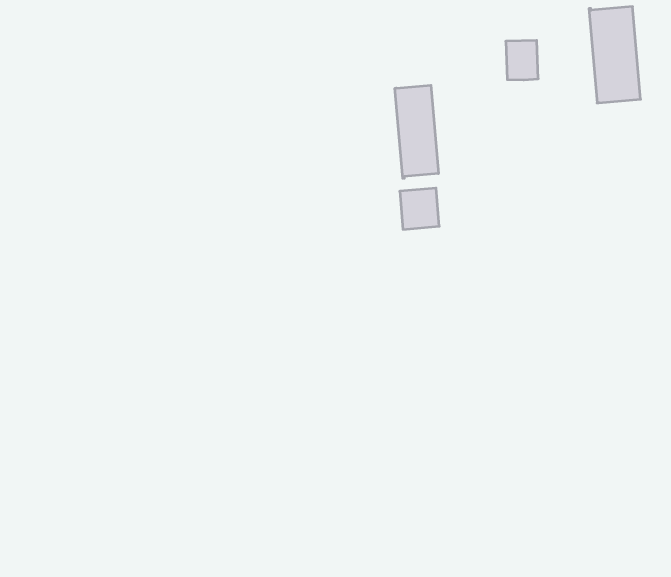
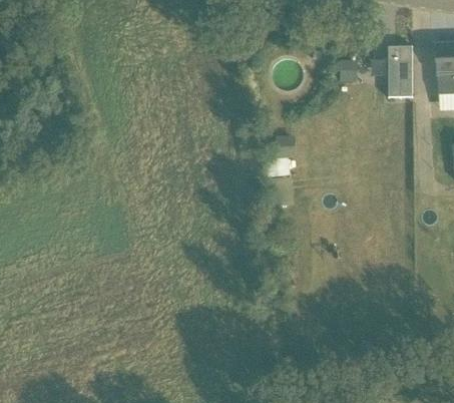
building: [395,85,438,178] -> none

